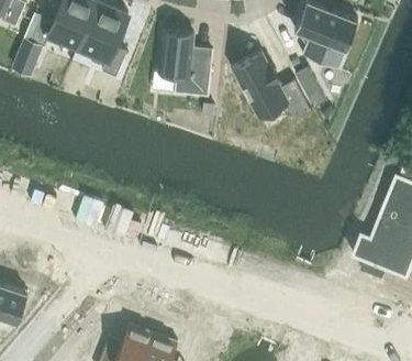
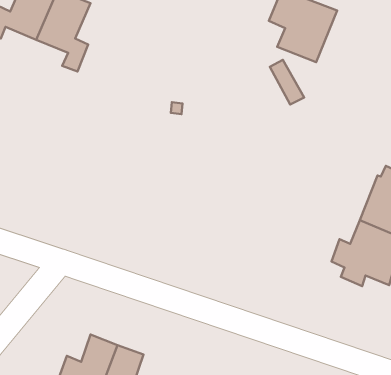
building: [153,31,213,97] -> none
building: [233,53,312,120] -> none

